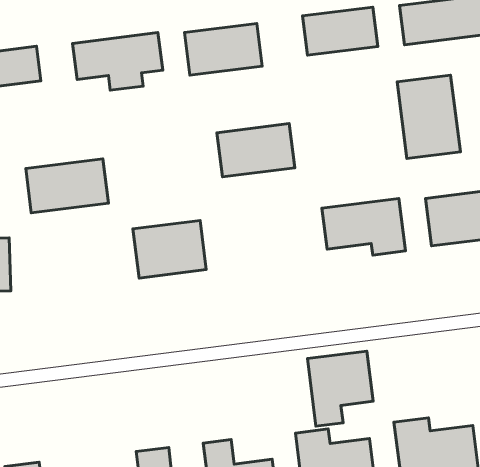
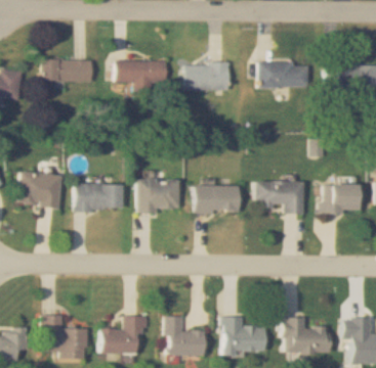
building: [397,75,460,159] -> none
building: [217,124,295,177] -> [196,186,241,214]
building: [26,159,108,213] -> [75,183,123,211]
building: [307,351,373,426] -> none

